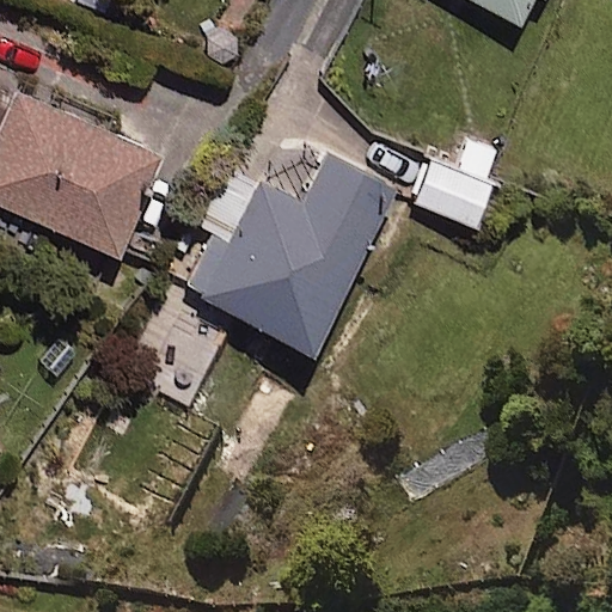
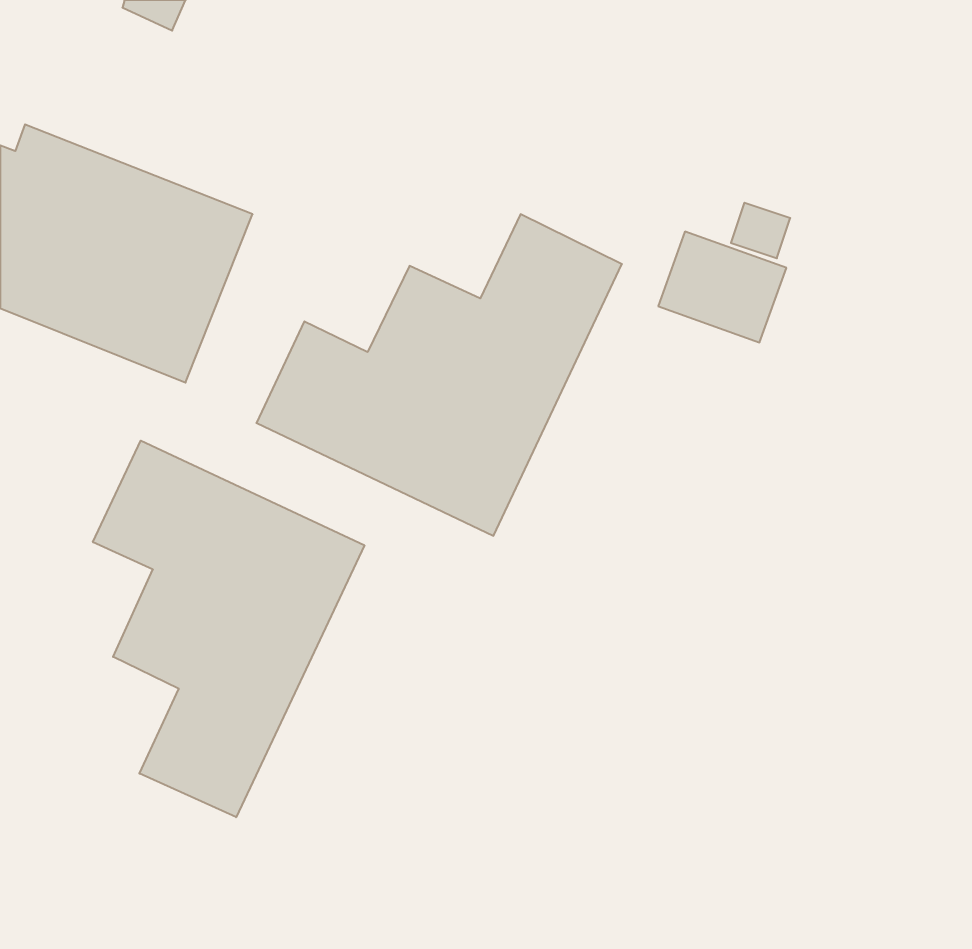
building: none -> [93,441,364,817]

